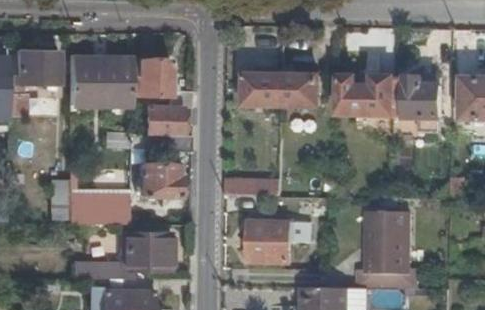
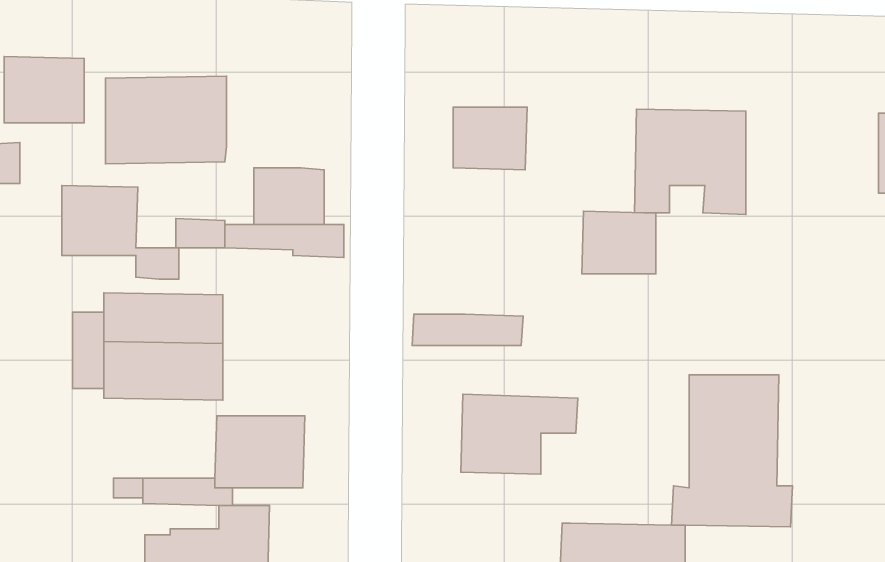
building: [130,59,190,107] -> [62,185,179,279]
building: [283,75,321,107] -> [582,211,656,274]
building: [407,77,442,119] -> none
building: [138,164,178,197] -> none

